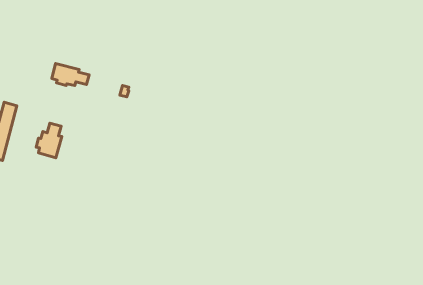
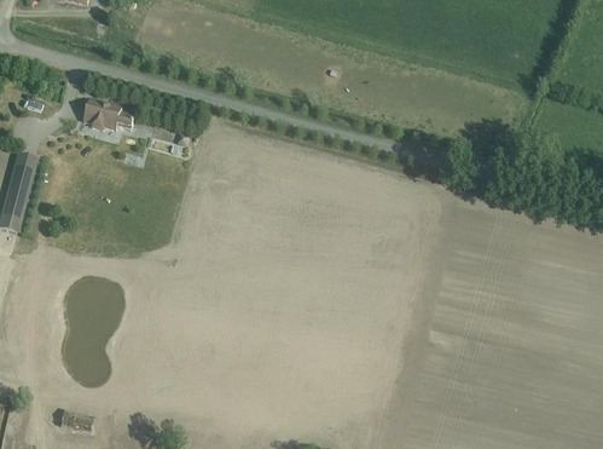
building: [36,123,62,158] -> none

